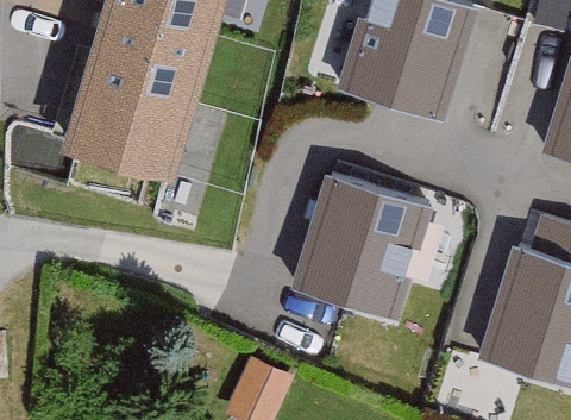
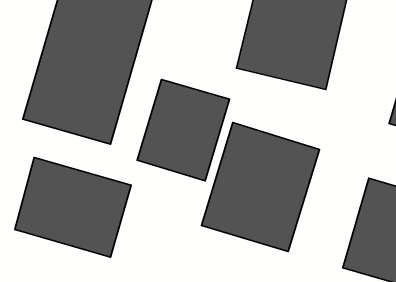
building: none -> [137,79,229,181]
building: none -> [15,158,131,257]

